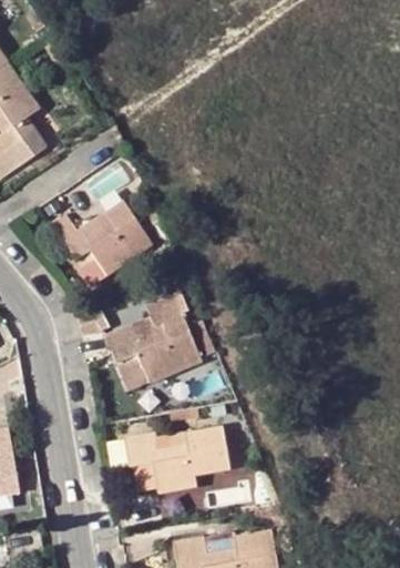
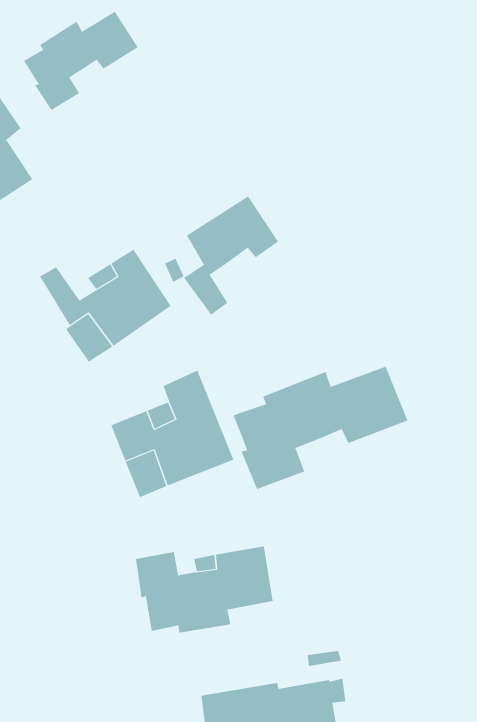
building: none -> [23,11,139,111]
building: none -> [183,196,279,316]
building: none -> [233,366,408,490]

